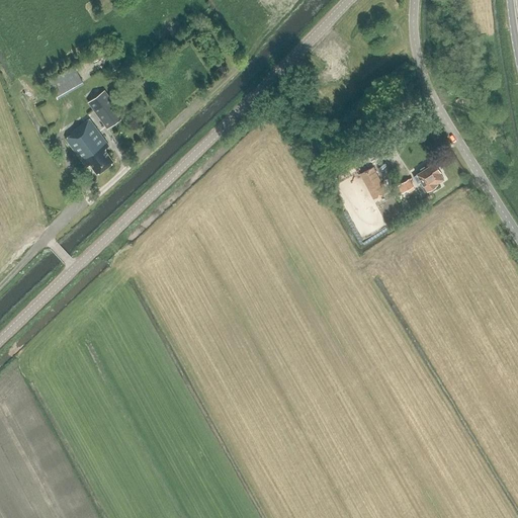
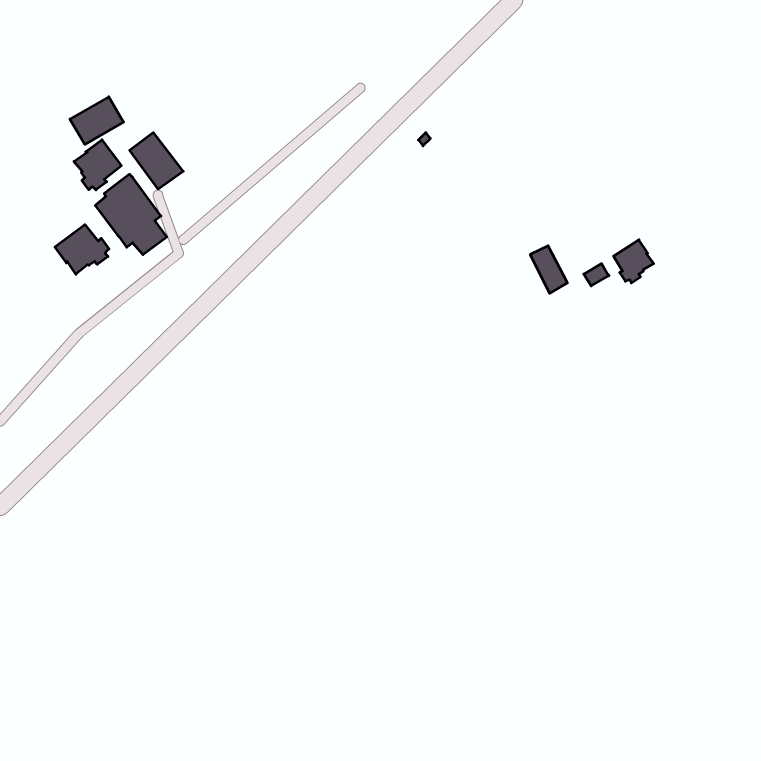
building: none -> [74,140,121,190]
building: none -> [55,225,109,274]

